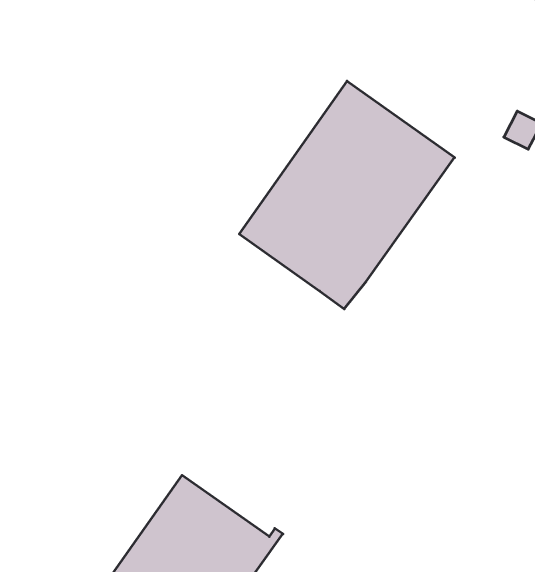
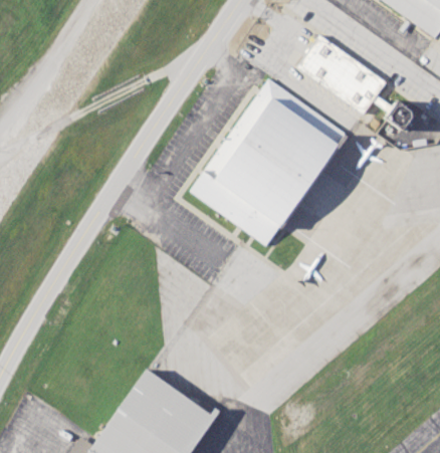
building: none -> [296,34,387,114]

